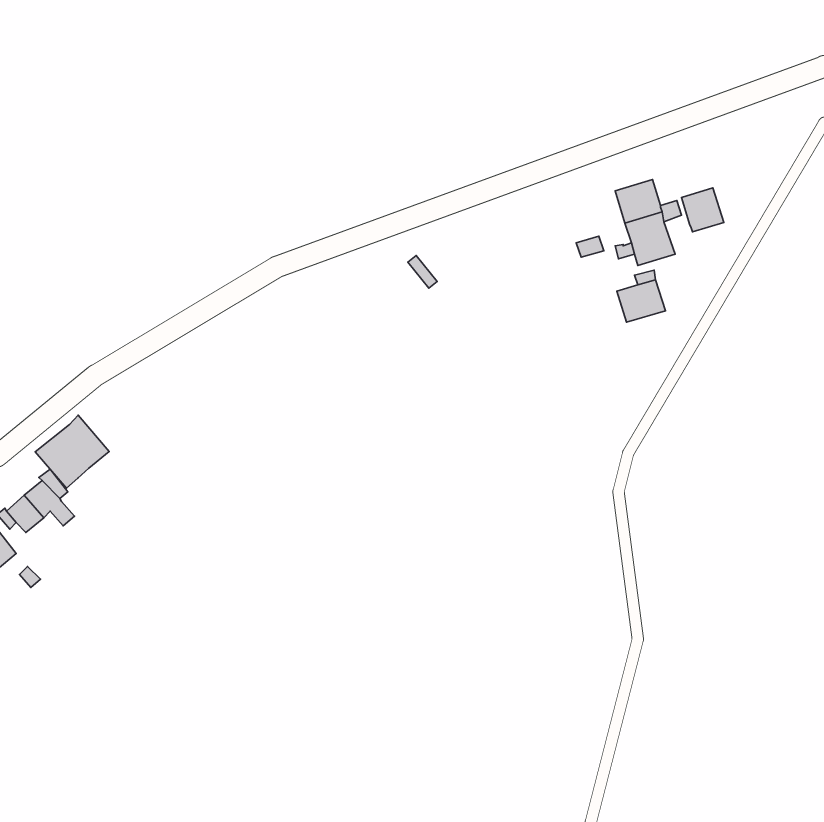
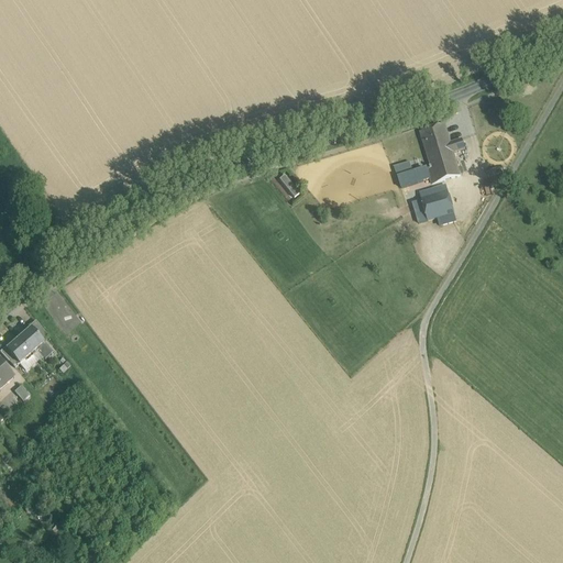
building: [682,188,724,232] -> none
building: [35,415,109,488] -> none

